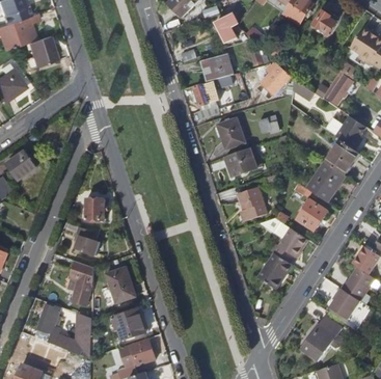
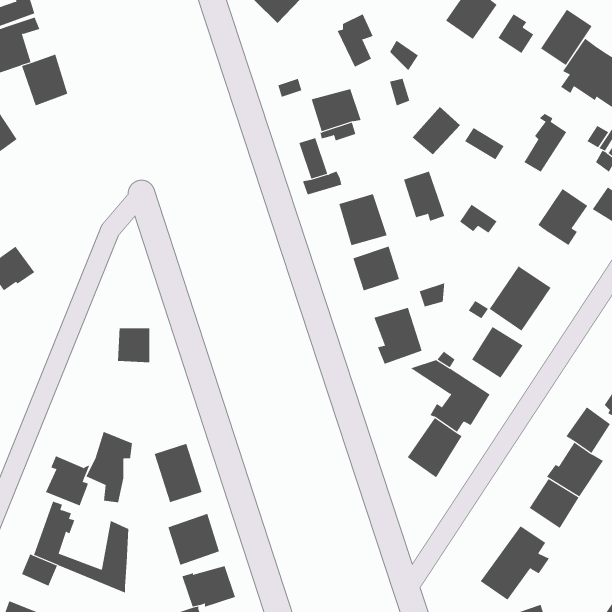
building: none -> [540,9,592,66]
building: [324,141,357,175] -> none
building: [72,224,99,254] -> [45,455,91,506]

